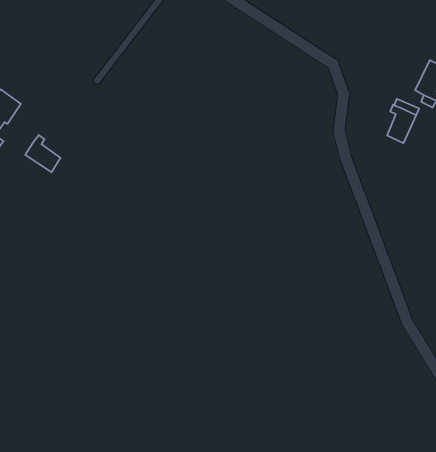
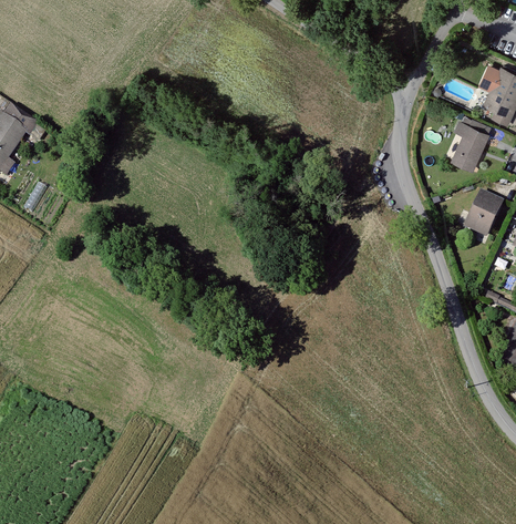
building: [25,135,61,172] -> none
building: none -> [467,193,500,233]

